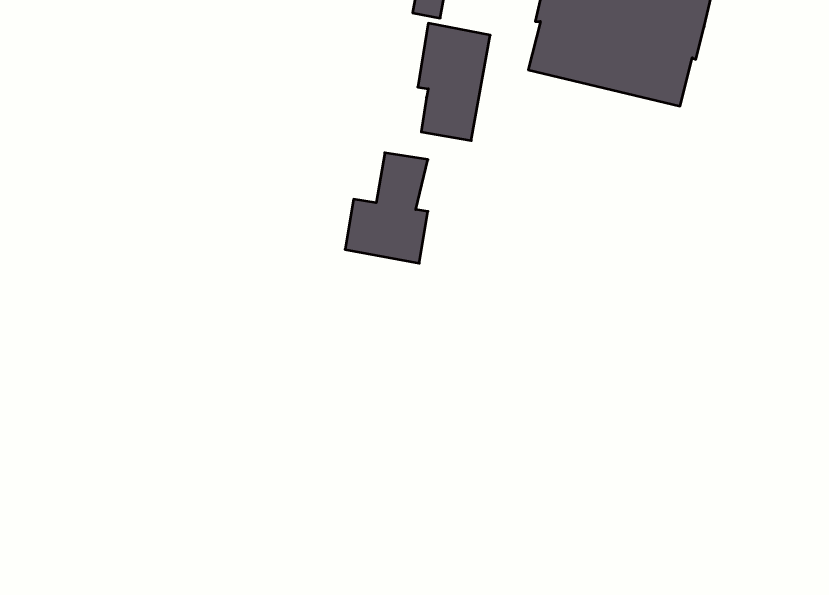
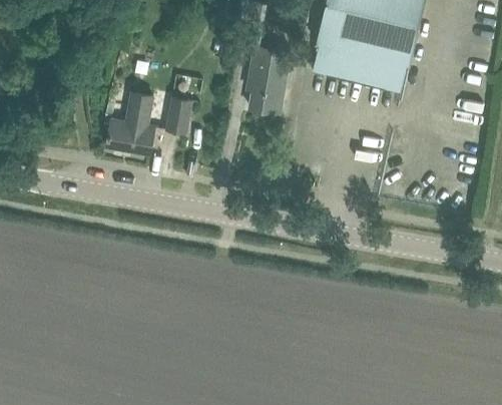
building: none -> [166,99,191,134]
building: [345,153,428,263] -> [106,92,154,156]

